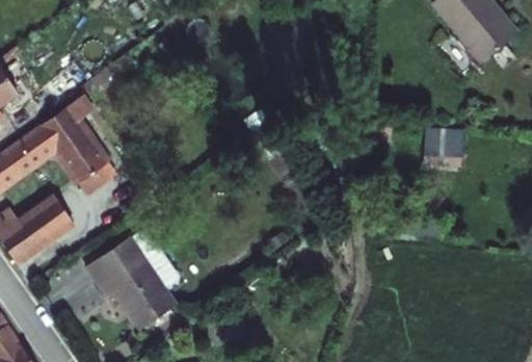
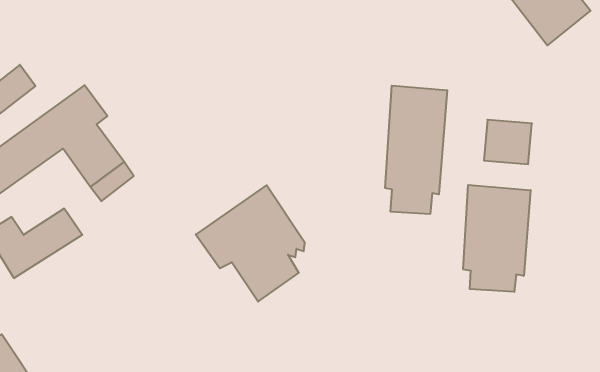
building: none -> [385,86,447,214]
building: none -> [463,185,531,292]
building: [85,228,180,329] -> [196,185,305,302]

